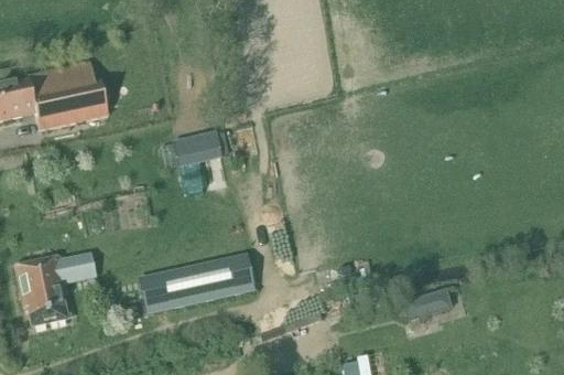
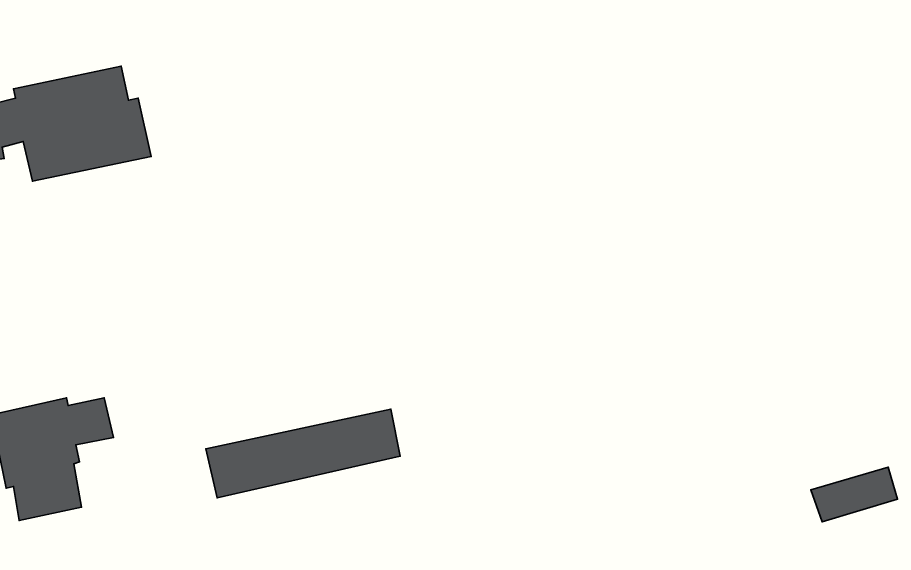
building: [176,128,226,163] -> none
building: [401,289,452,321] -> [811,467,898,522]

